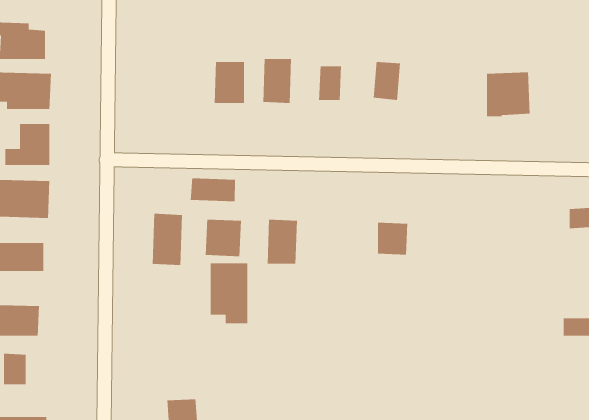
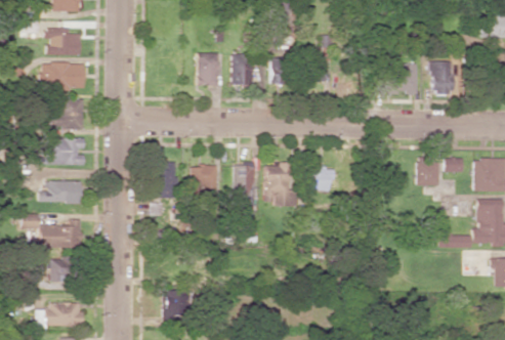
building: none -> [431,60,451,95]
building: [190,177,236,202] -> none
building: none -> [417,160,439,185]
building: [210,262,248,324] -> [265,163,292,206]

